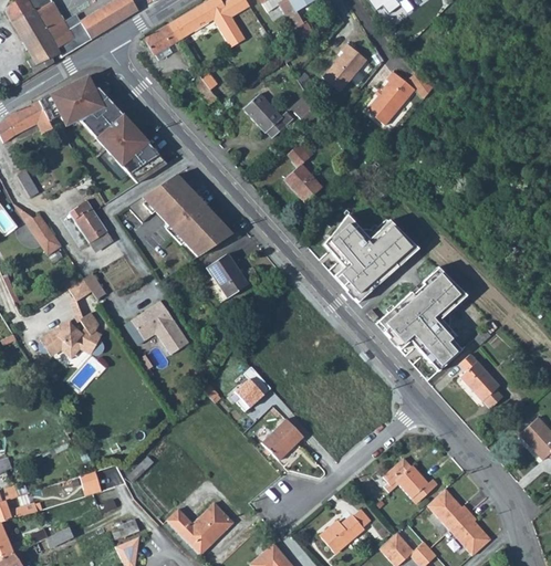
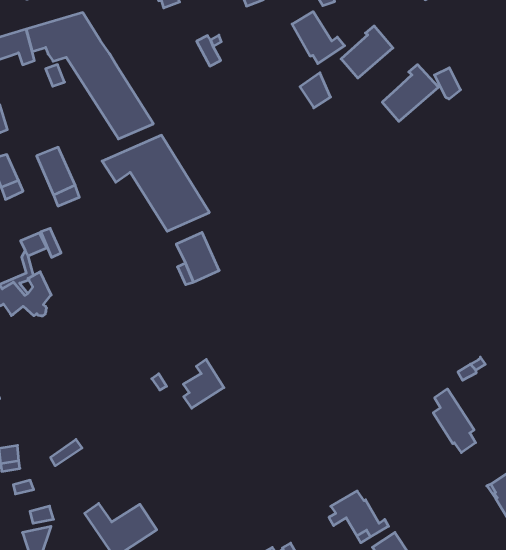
building: [245,92,294,137] -> [292,12,345,64]
building: [284,140,323,201] -> none
building: [319,214,413,302] -> none
building: [374,268,462,371] -> none
building: [125,300,189,354] -> none
building: [262,417,304,459] -> none

